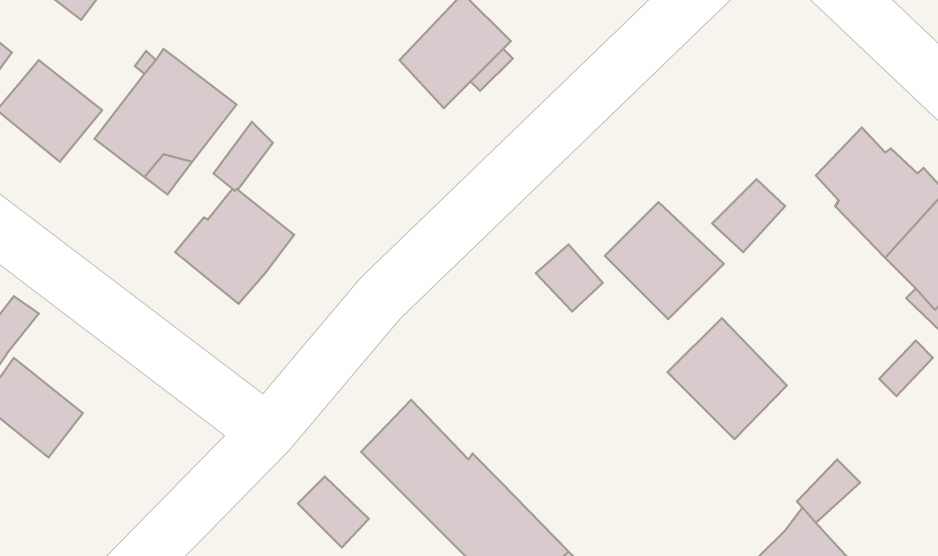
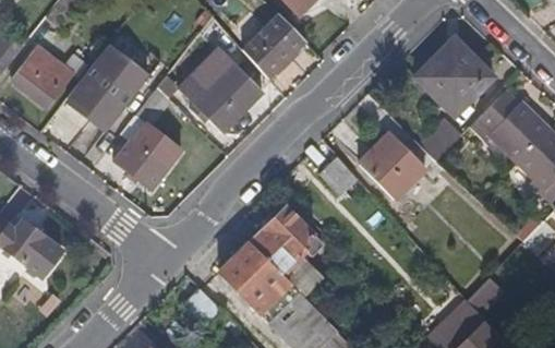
building: none -> [414,45,491,117]
building: none -> [177,48,261,130]
building: [668,318,787,439] -> none
building: none -> [248,207,323,278]

